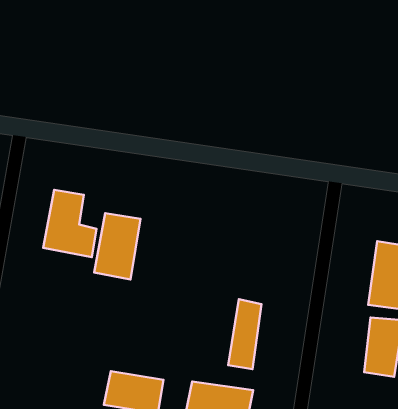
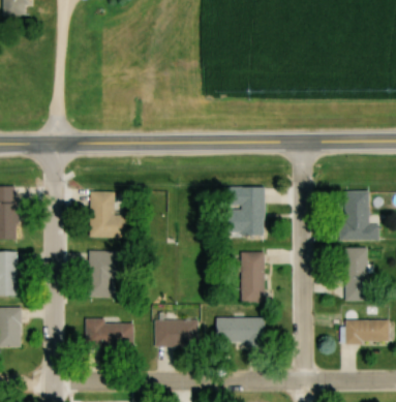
building: [94,213,140,280] -> [89,251,117,298]
building: none -> [233,188,266,236]
building: none -> [85,323,133,346]

